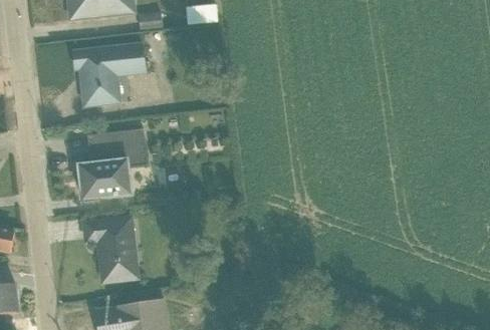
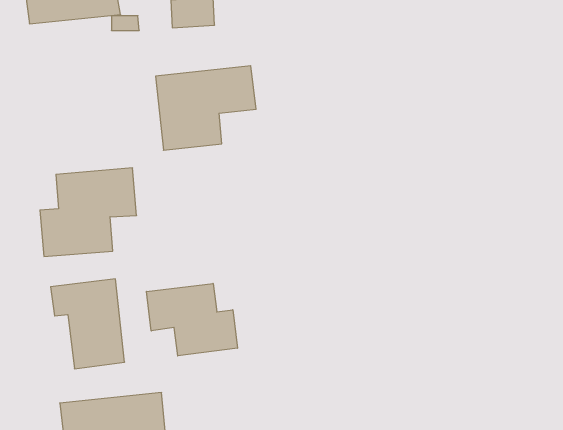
building: [70,41,147,105] -> [156,66,256,150]
building: none -> [146,283,237,356]

